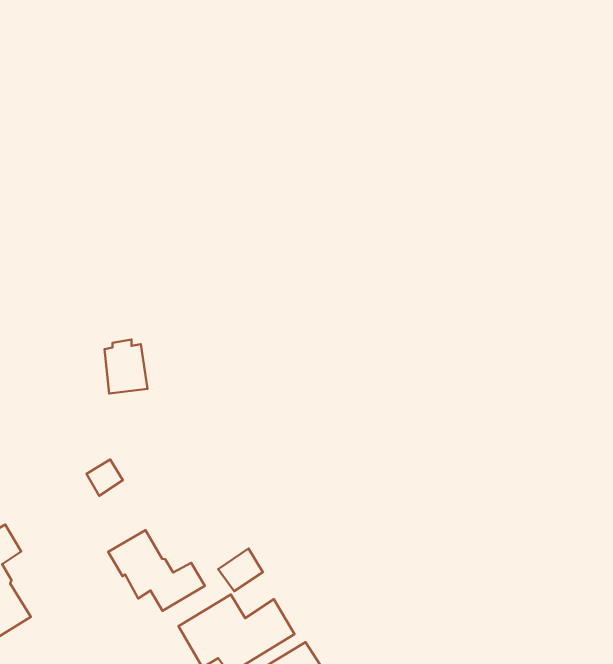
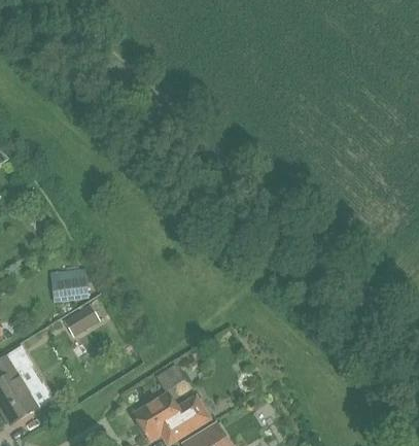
building: [104,340,147,394] -> [59,265,86,300]
building: [108,530,205,611] -> none

